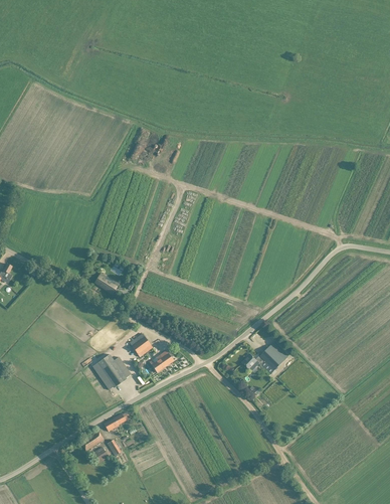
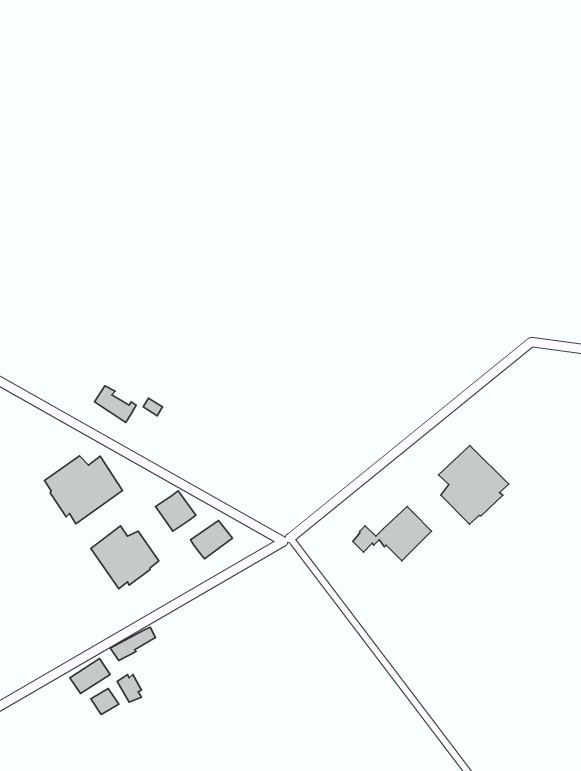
building: none -> [438,446,509,524]
building: none -> [45,456,122,524]

